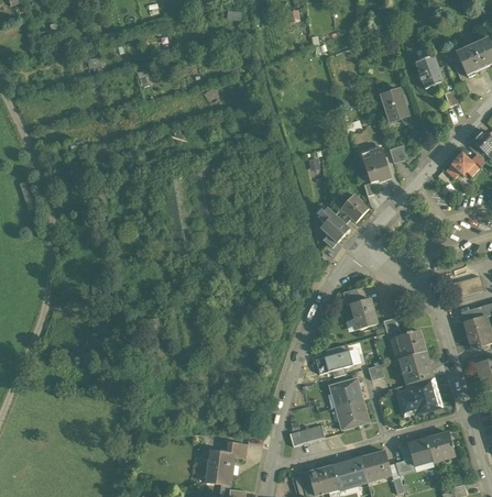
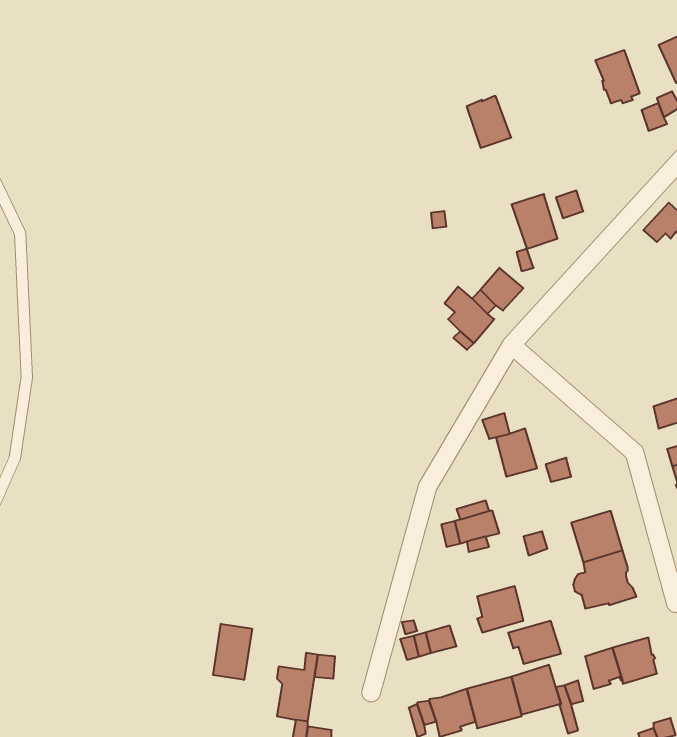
building: [380,89,408,122] -> [467,96,511,148]
building: [395,330,424,357] -> none
building: [328,378,362,406] -> [508,621,561,664]
building: none -> [213,624,252,680]

